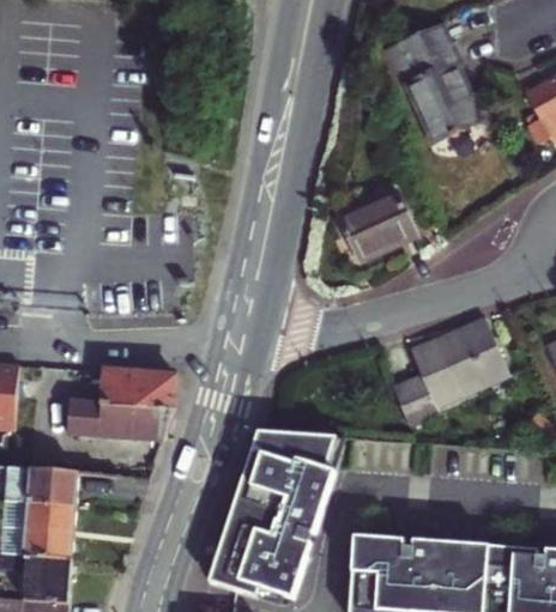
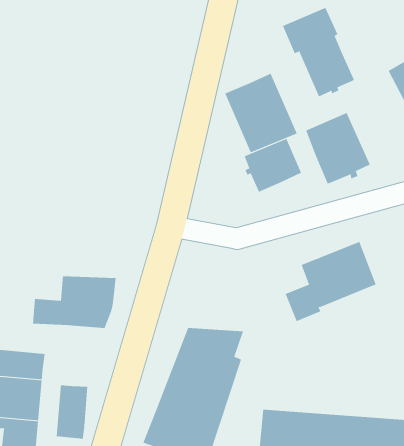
building: none -> [225,73,297,153]
building: none -> [305,112,371,184]
building: none -> [56,384,88,440]

